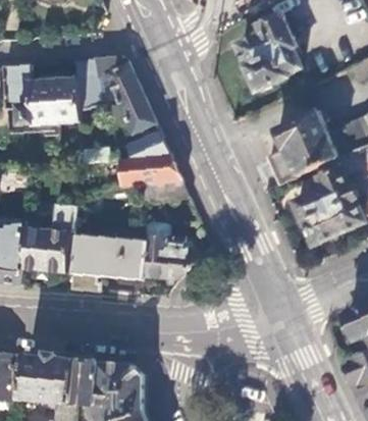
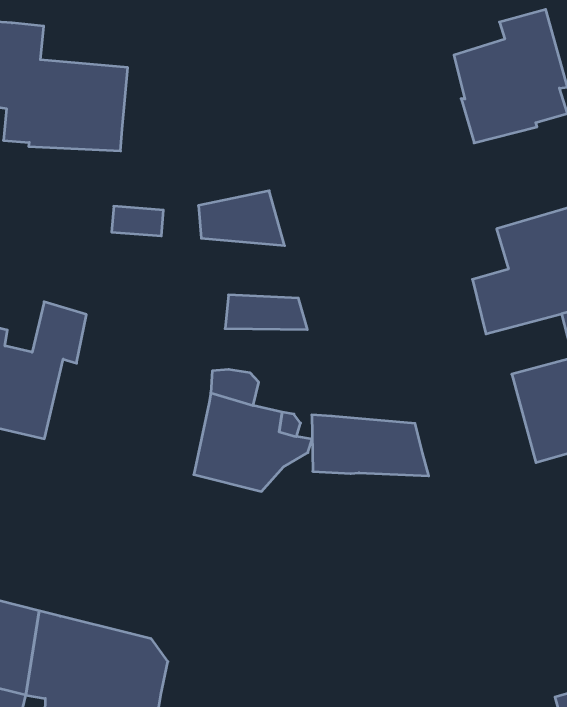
building: [74,57,154,135] -> none
building: [116,156,180,189] -> [312,415,429,476]
building: [70,235,144,292] -> none

